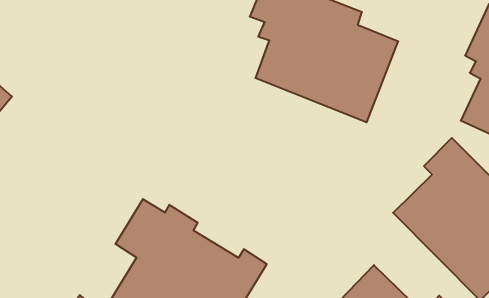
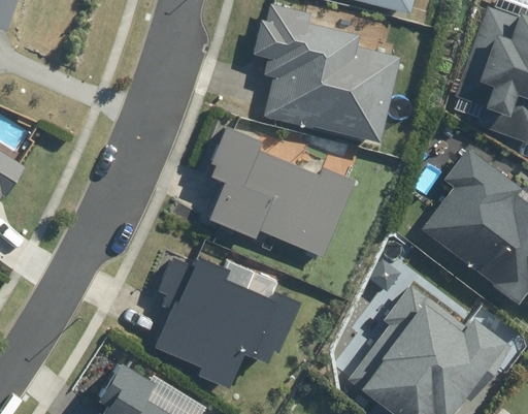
building: none -> [203,125,356,259]

